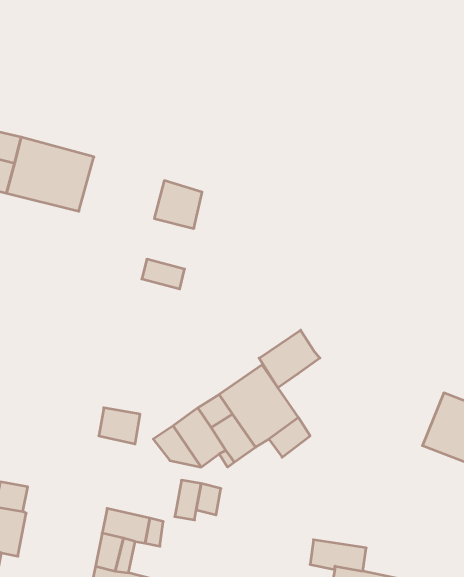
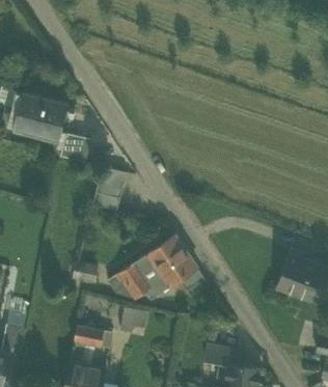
building: [154,181,202,228] -> [60,133,90,163]
building: none -> [92,182,122,212]
building: [259,330,320,388] -> none

